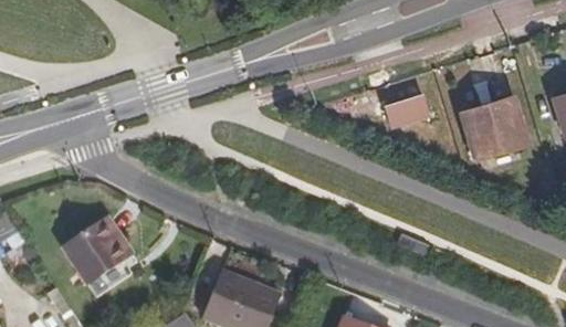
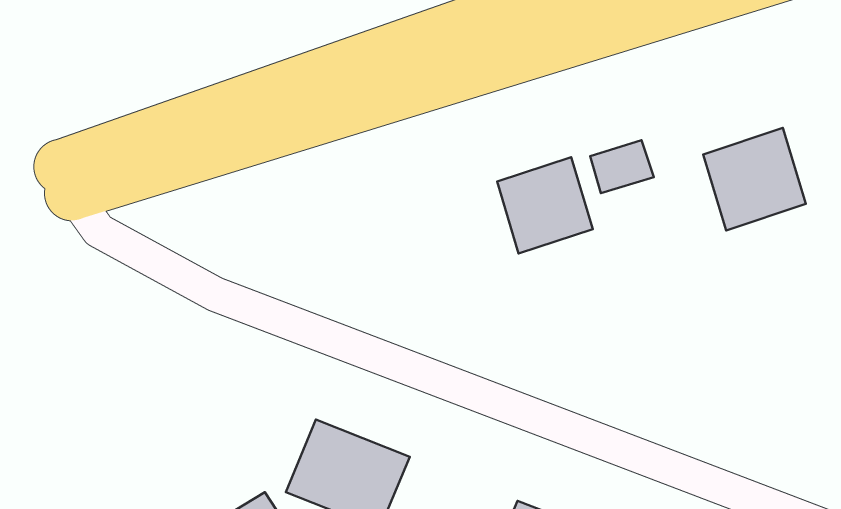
building: none -> [497,157,593,254]
building: [65,219,129,282] -> none

